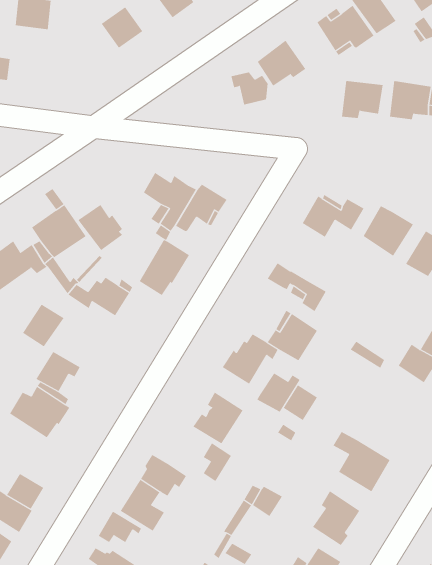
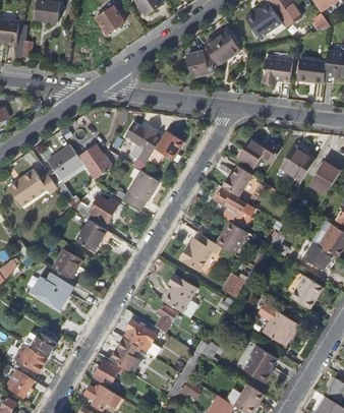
building: none -> [222,166,252,197]
building: [22,304,65,347] -> [76,220,106,250]
building: [257,372,301,412] -> none
building: none -> [291,275,323,308]

